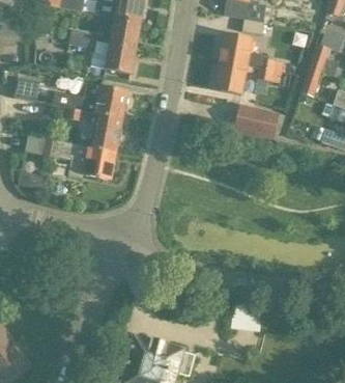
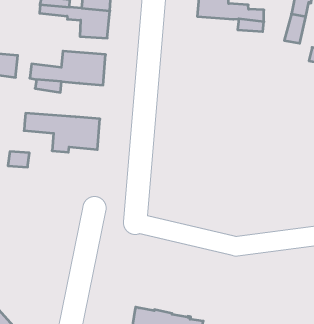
building: [213,60,253,93] -> none
building: [233,103,280,140] -> none
building: [93,113,122,149] -> none

